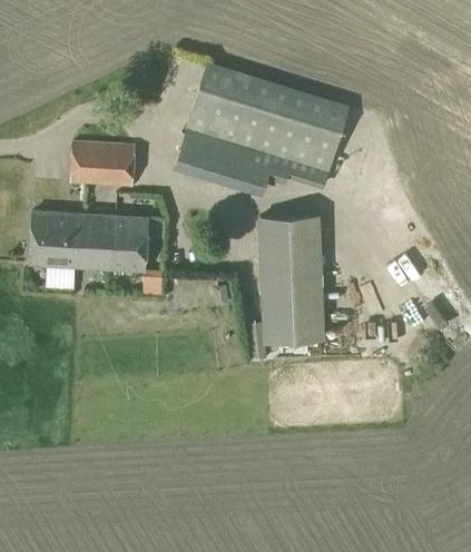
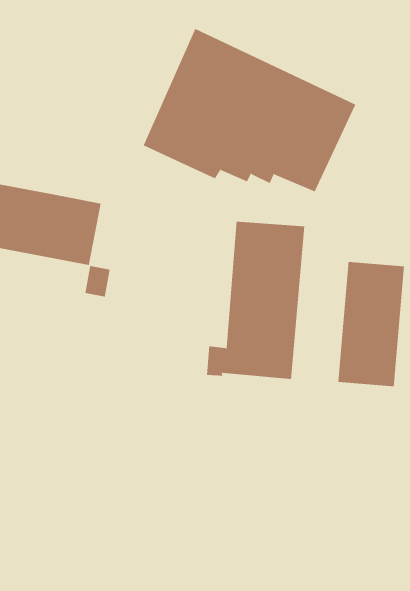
building: [72,141,136,185] -> none
building: none -> [338,261,405,387]

